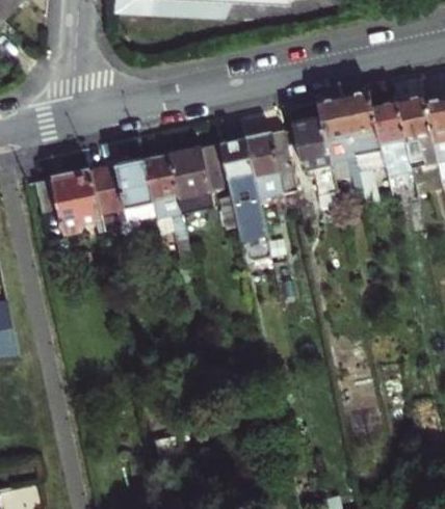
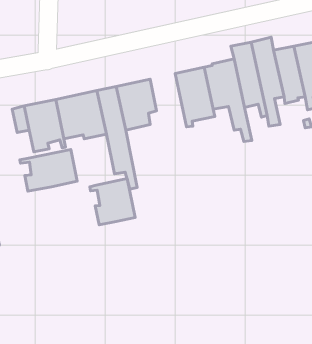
building: [218,134,270,260] -> none
building: none -> [20,149,77,191]
building: none -> [90,179,135,225]

